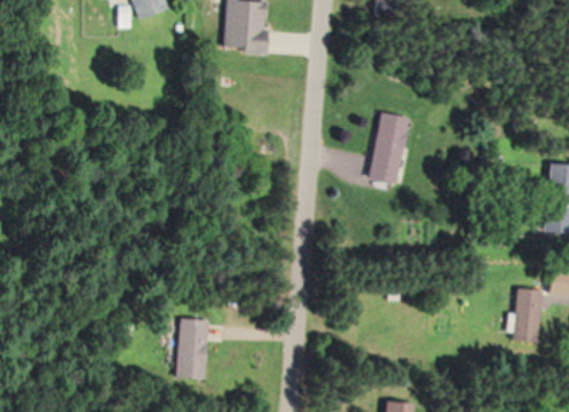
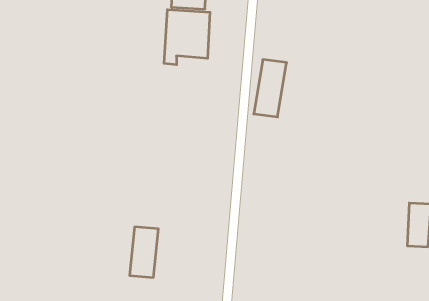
building: none -> [164,10,210,65]
building: [368,114,408,184] -> [254,60,287,117]

